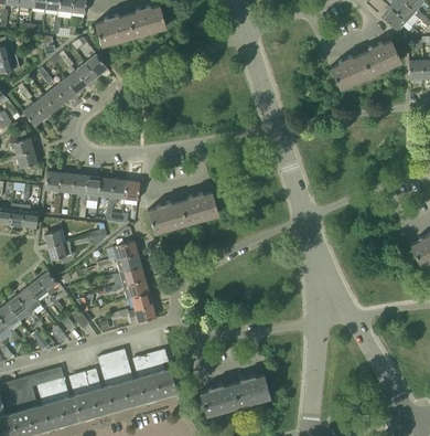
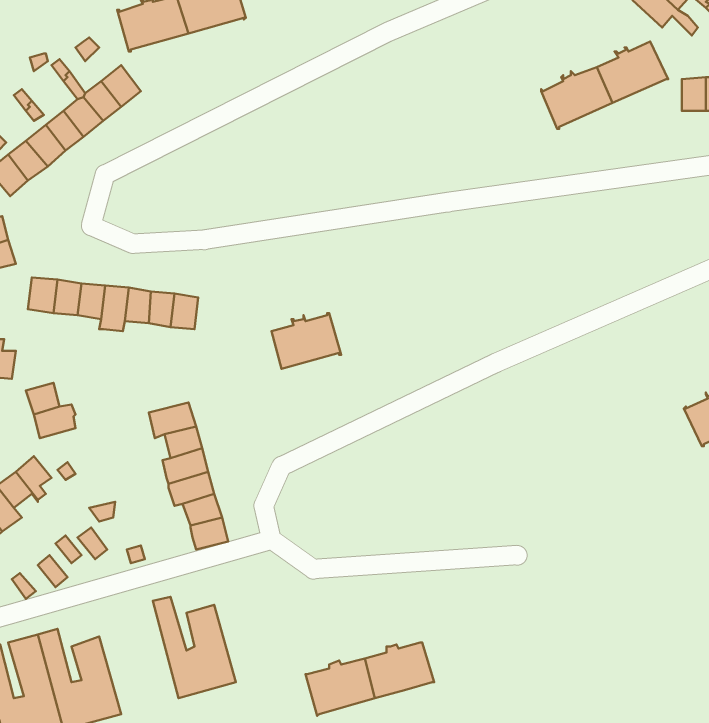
building: [147,202,185,233] -> none
building: [148,350,176,397] -> none
building: [84,352,128,415] -> none

